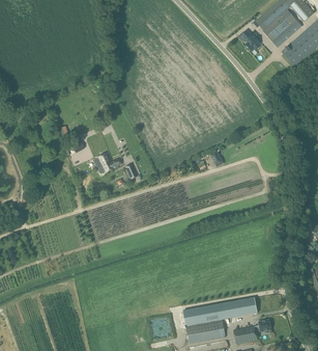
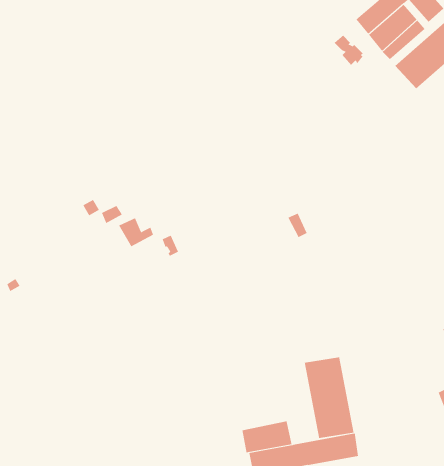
building: none -> [304,357,354,439]
building: none -> [242,421,292,453]

